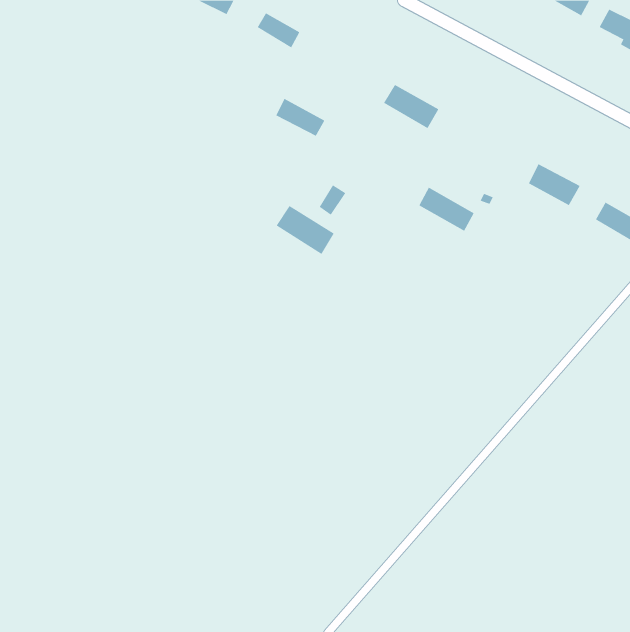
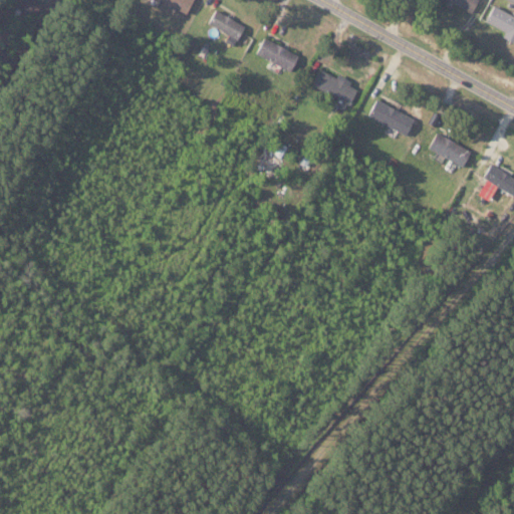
building: [275,98,325,137] -> [259,38,299,69]
building: [419,187,474,232] -> [370,99,416,136]
building: [276,205,335,255] -> none

